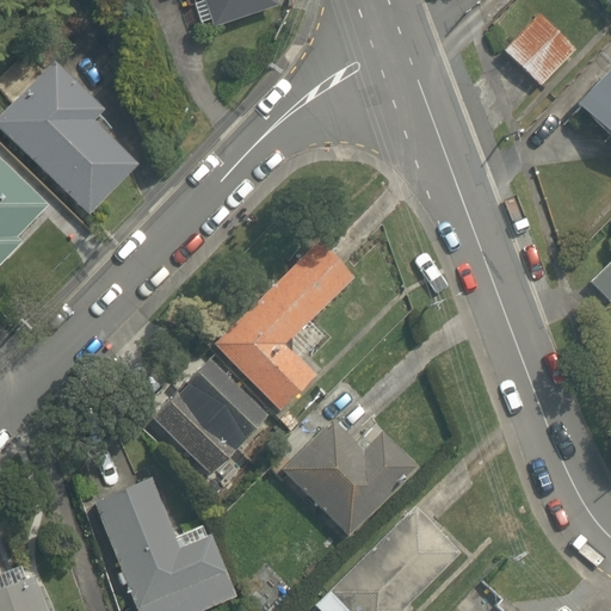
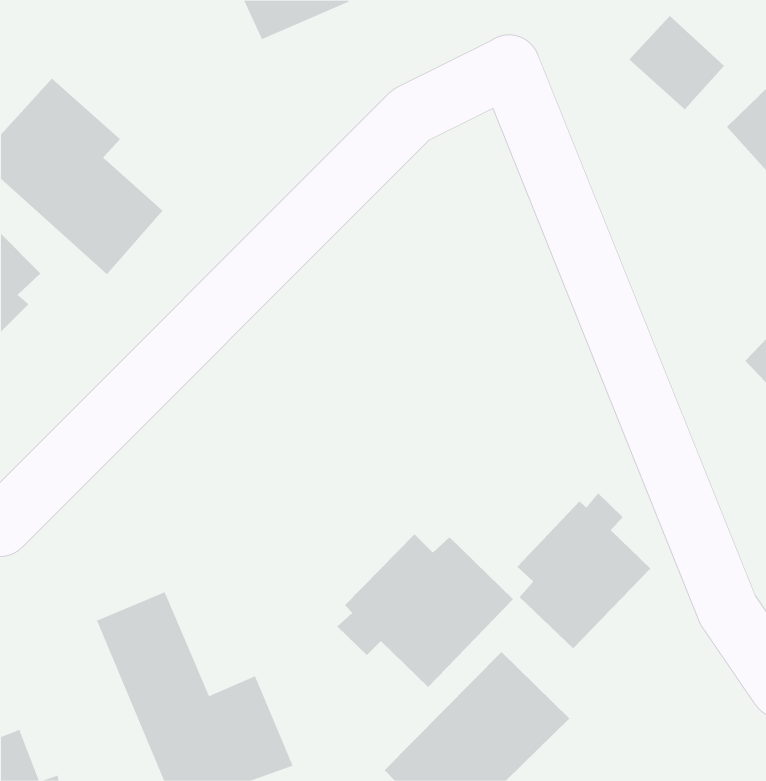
building: [214,233,359,409] -> none
building: [146,357,269,479] -> none
building: none -> [516,492,651,649]

